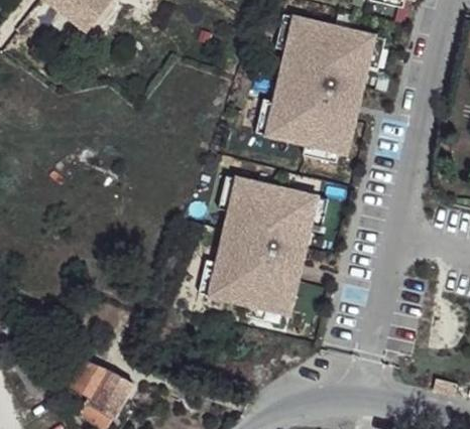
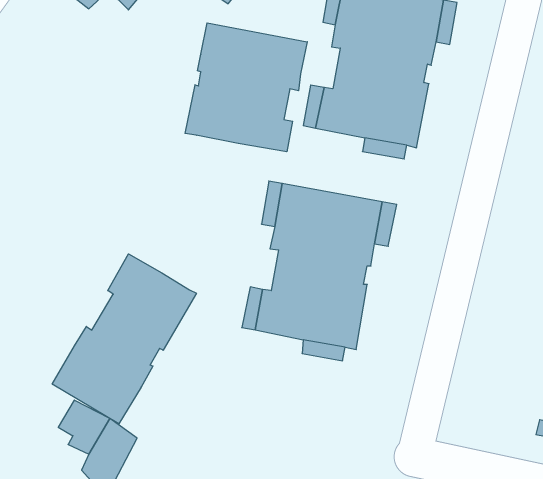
building: none -> [185,23,307,152]
building: none -> [52,254,196,424]

